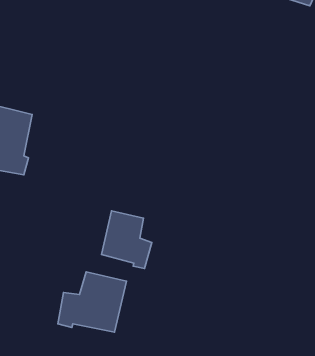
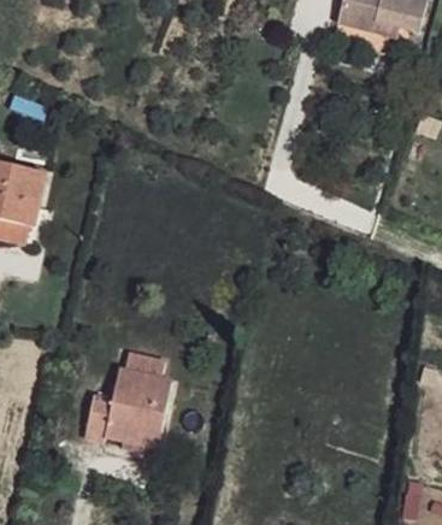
building: [102,211,152,269] -> none

